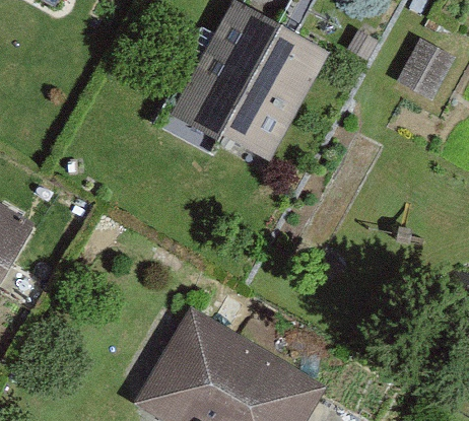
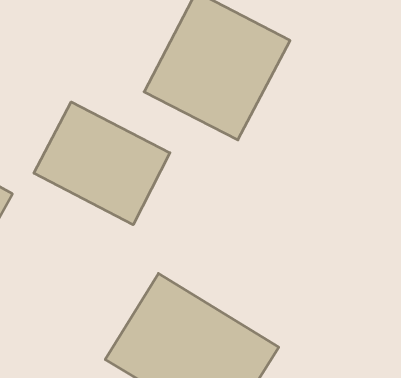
building: none -> [34,102,170,225]

